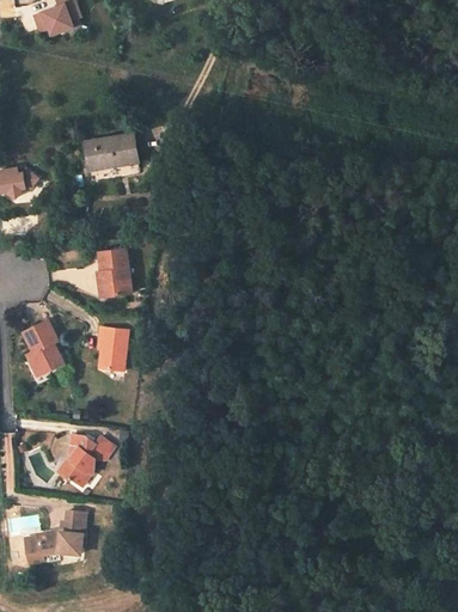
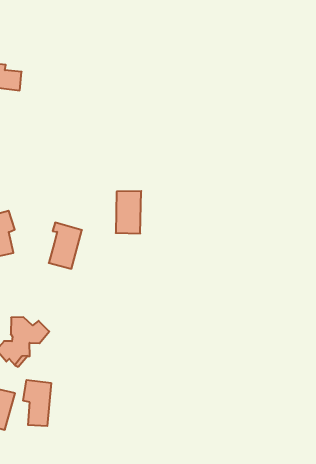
building: [84,133,135,166] -> none
building: [97,243,129,292] -> [116,191,141,233]
building: none -> [23,380,51,426]

